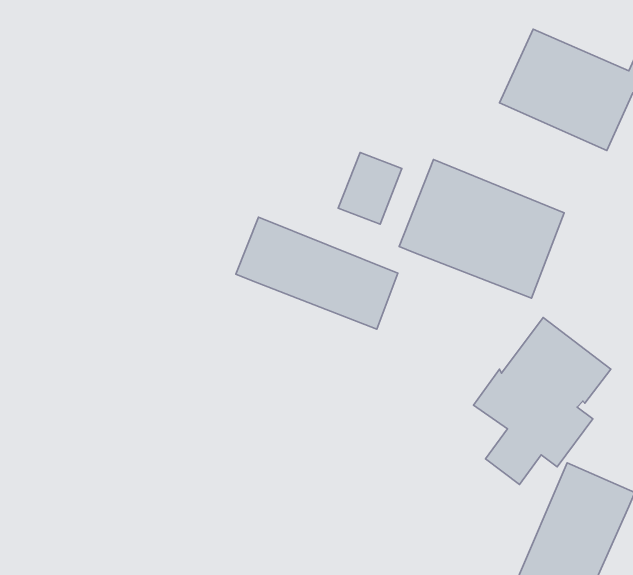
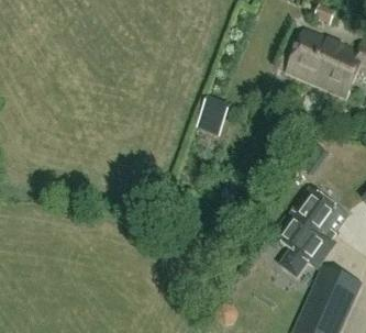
building: [399,160,564,298] -> none
building: [236,217,398,329] -> none

